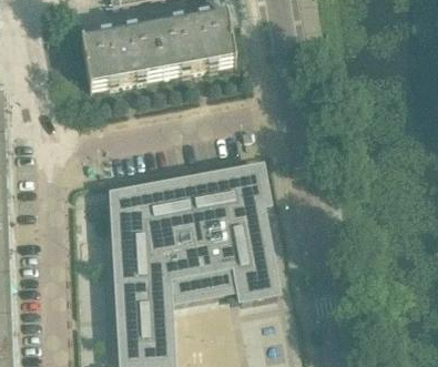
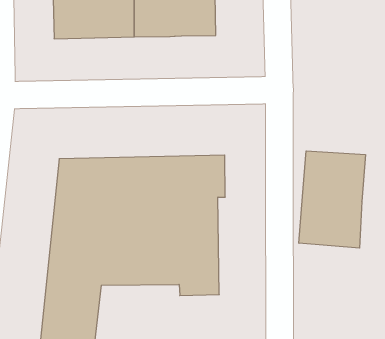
building: none -> [299,151,365,248]

